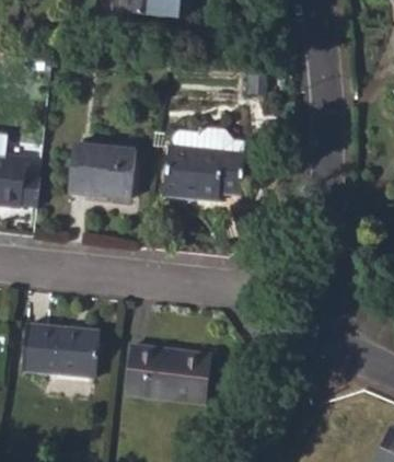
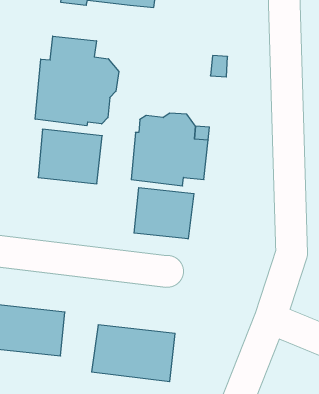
building: none -> [35,36,119,126]
building: none -> [134,188,194,239]

